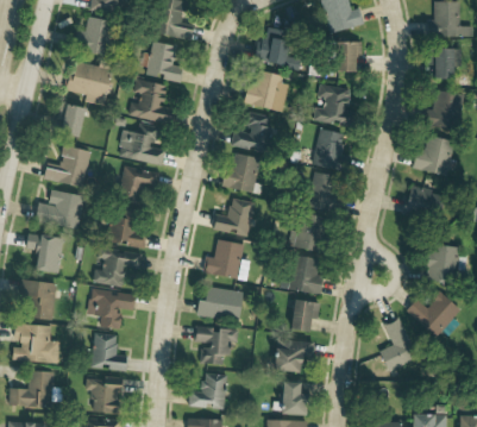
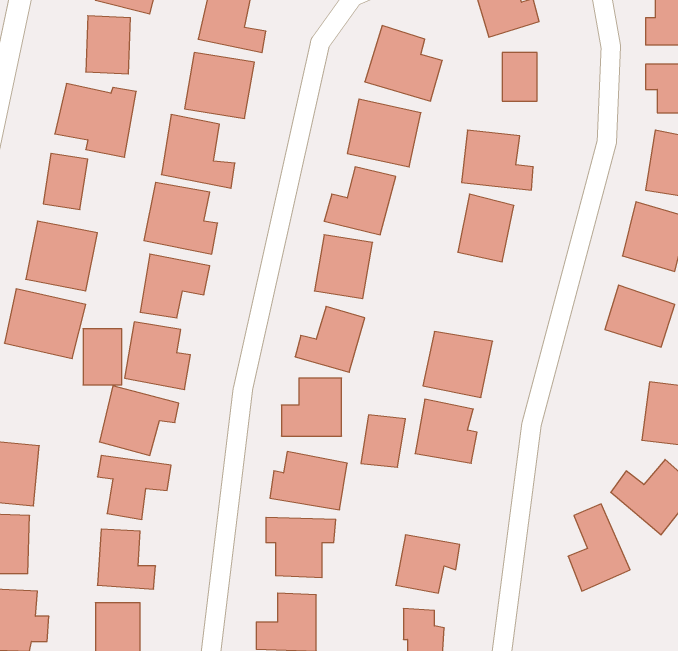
building: [306,172,339,212] -> none
building: [36,237,59,271] -> [83,329,122,385]
building: [290,300,318,332] -> [361,415,405,467]

